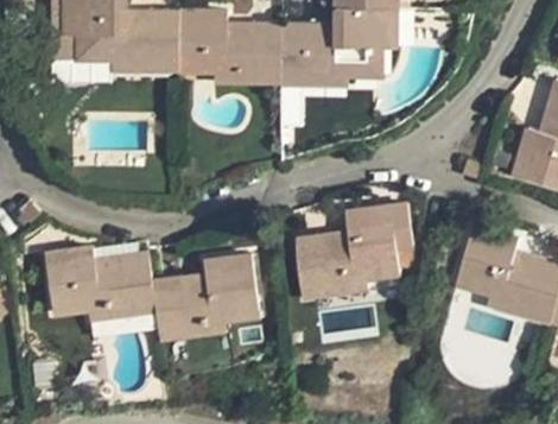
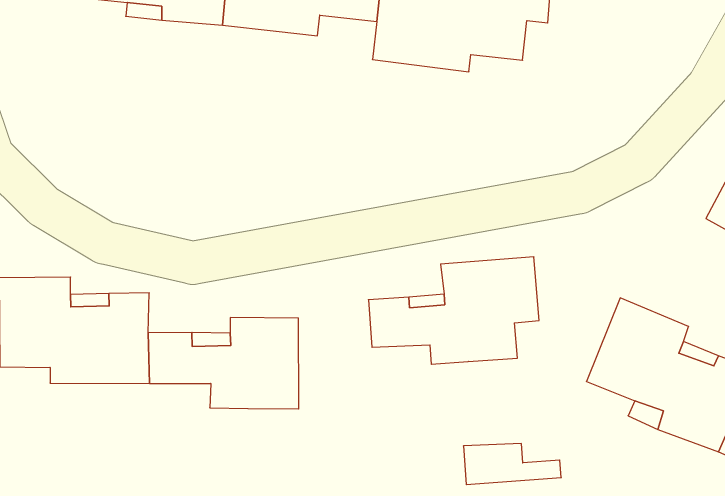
building: [213,53,280,80] -> none
building: [302,270,370,302] -> [463,444,561,485]
building: [153,312,223,346] -> none

